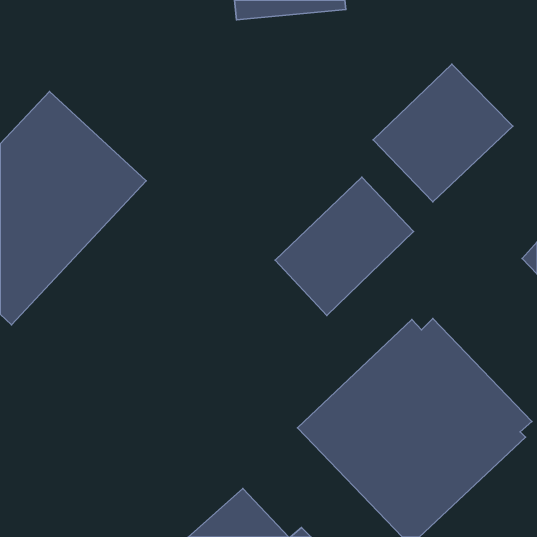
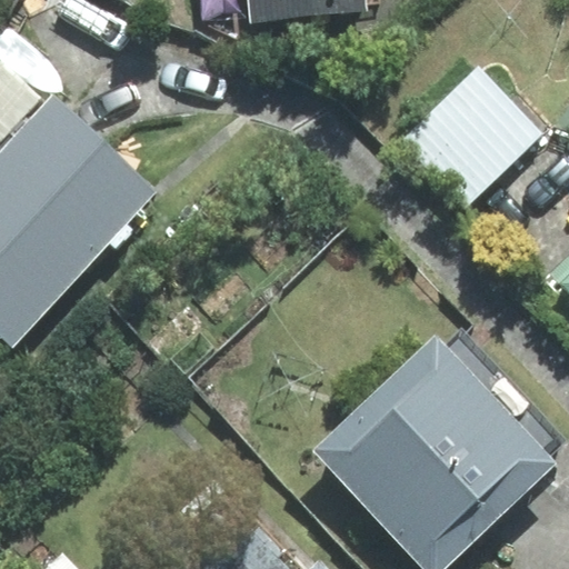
building: [275,177,414,316] -> none

